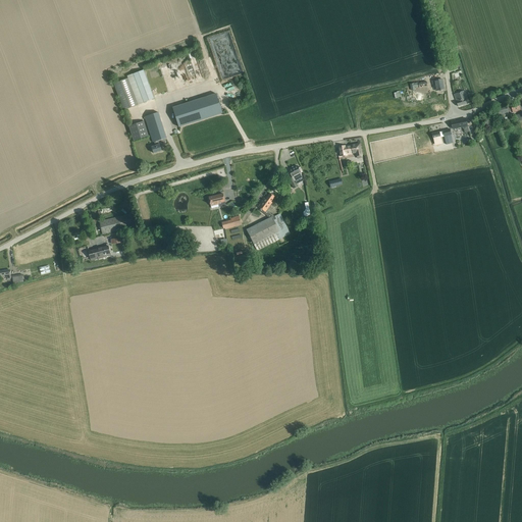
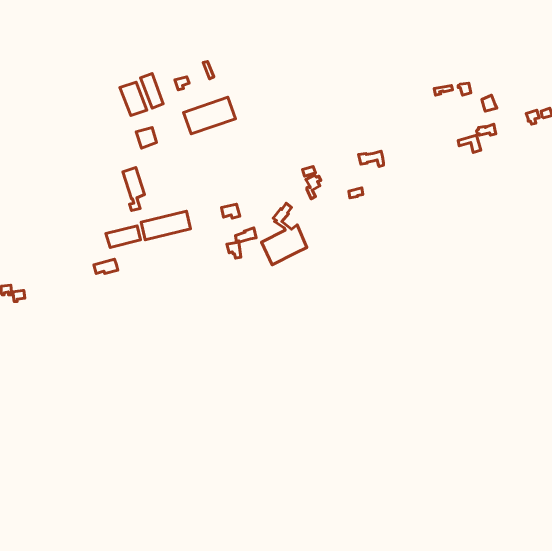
building: [146,111,166,152] -> [123,167,144,211]
building: none -> [141,211,191,240]

